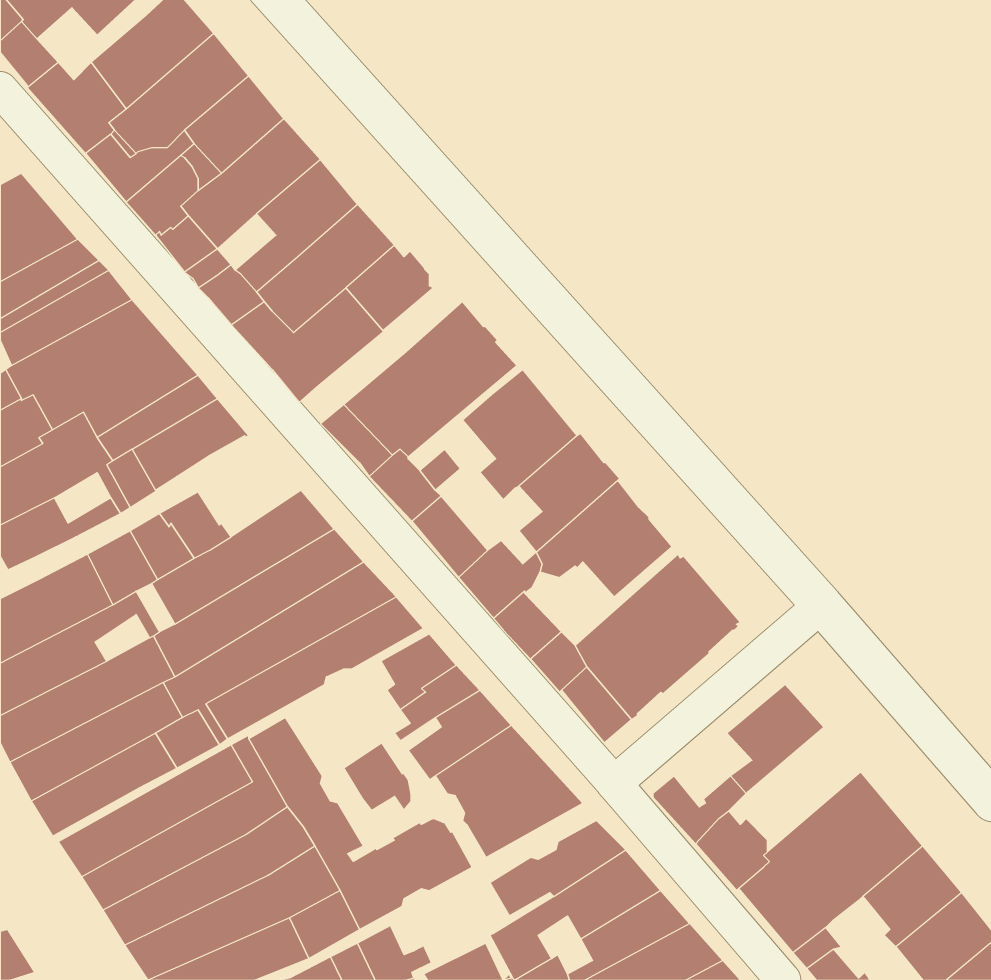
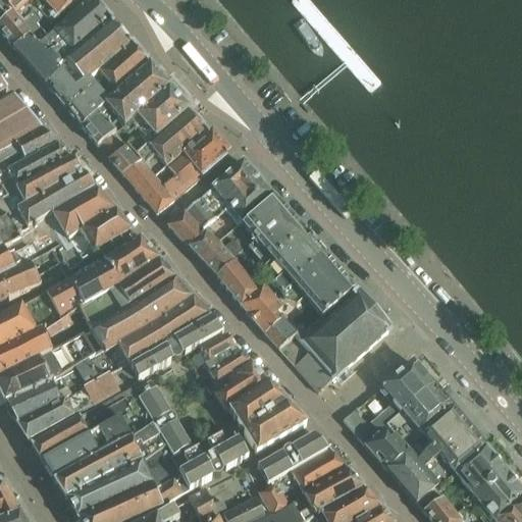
building: none -> [105,237,159,281]
building: none -> [383,381,453,447]
building: [344,743,411,810] -> none

